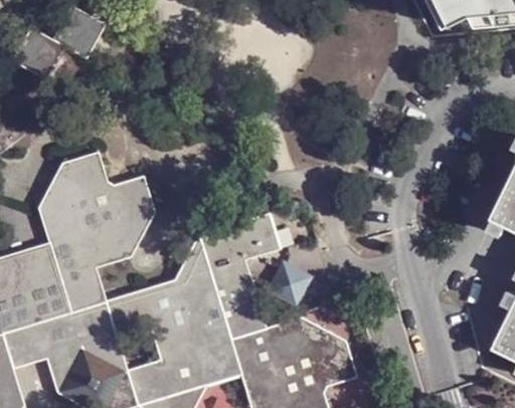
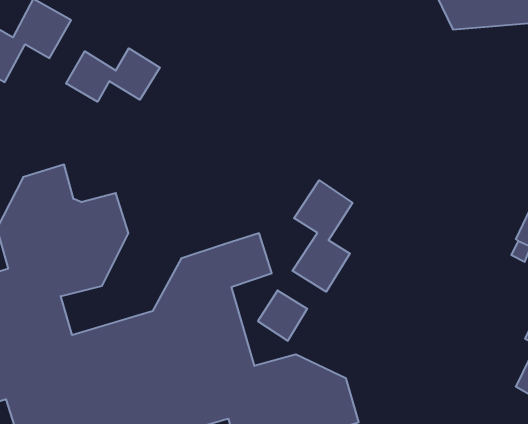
building: none -> [66,48,160,102]
building: none -> [292,180,352,292]

